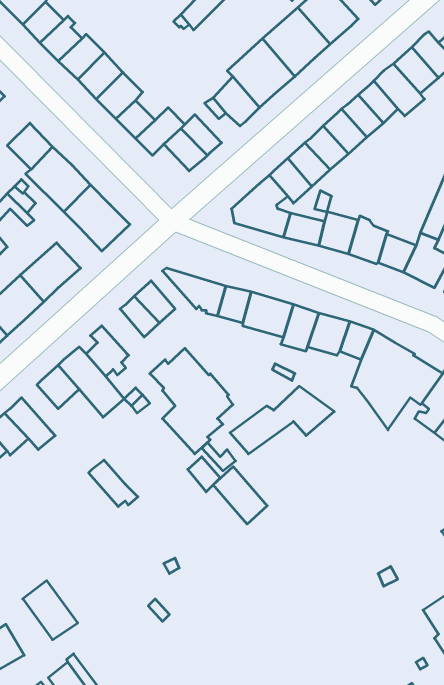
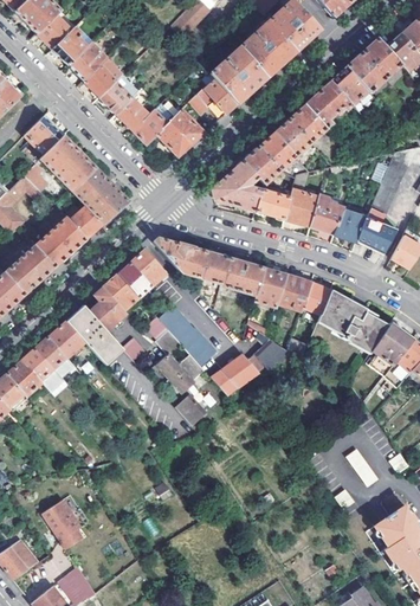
building: none -> [64,204,104,238]
building: none -> [104,272,140,310]
building: [89,460,138,507] -> [37,336,78,375]
building: [213,467,267,524] -> none

